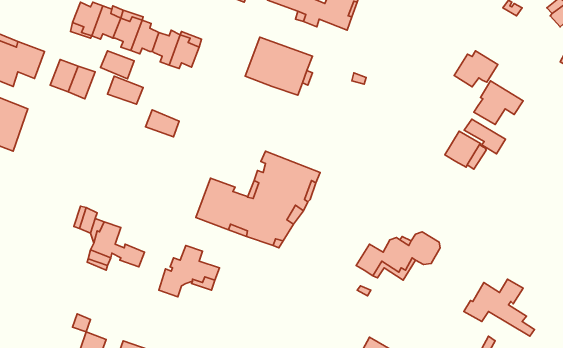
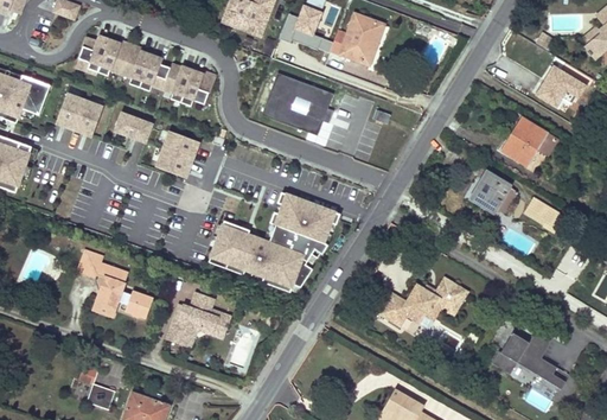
building: [101,51,134,79] -> [162,131,198,160]
building: [454,51,498,87] -> [536,68,582,106]
building: [464,119,506,154] -> [525,198,569,235]

